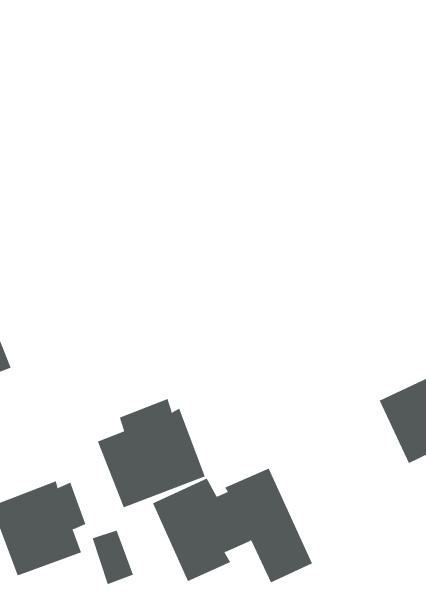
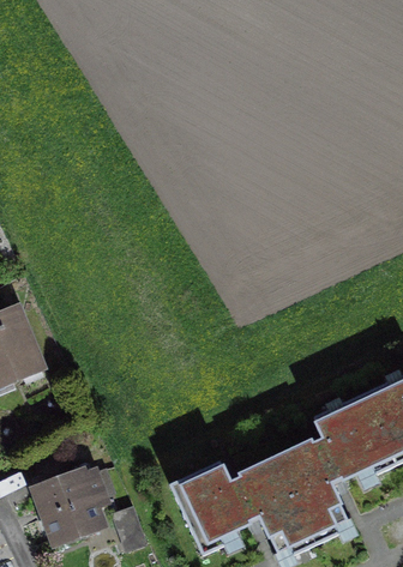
building: [97,398,205,508] -> none
building: none -> [265,398,384,537]

